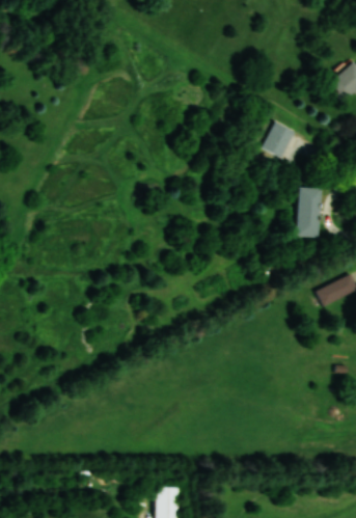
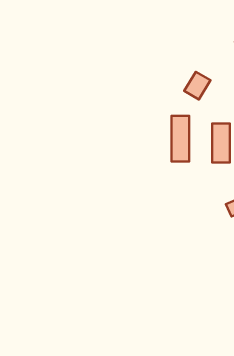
building: none -> [171,116,189,161]

